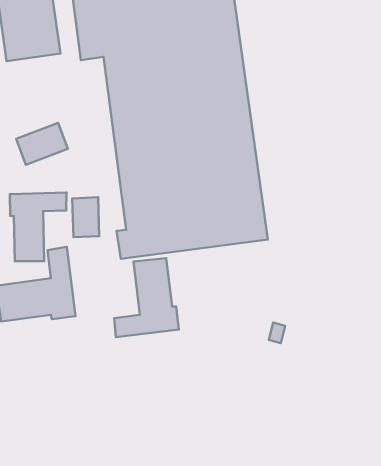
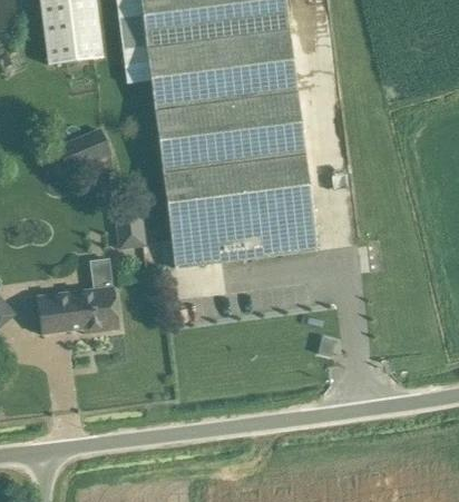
building: [10,193,66,261] -> none
building: [114,258,179,337] -> none

